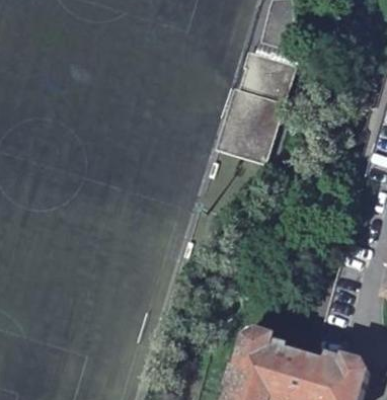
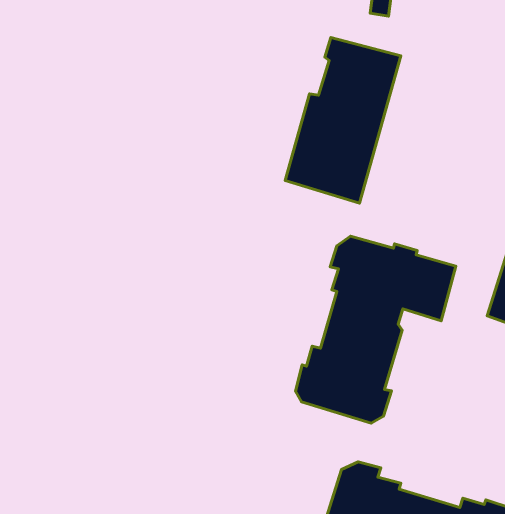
building: none -> [296,236,456,423]

